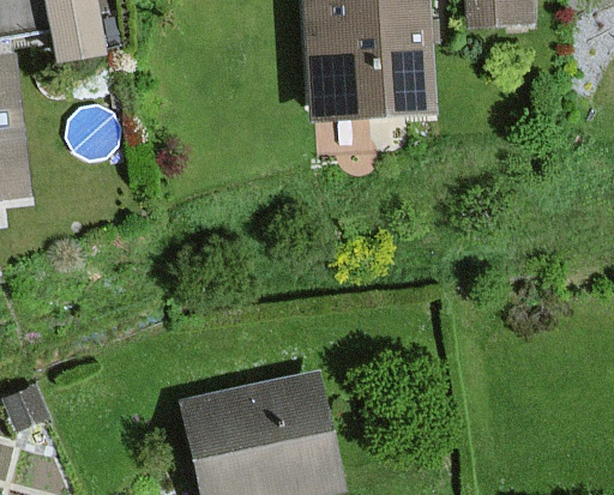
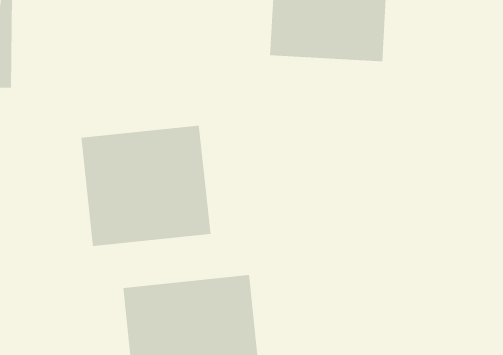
building: none -> [81,125,211,247]

